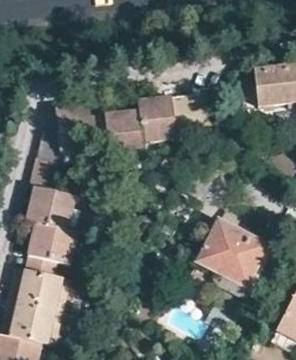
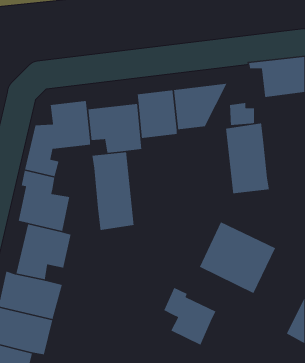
building: none -> [225,123,270,194]
building: none -> [91,152,134,231]
building: none -> [163,287,216,346]

